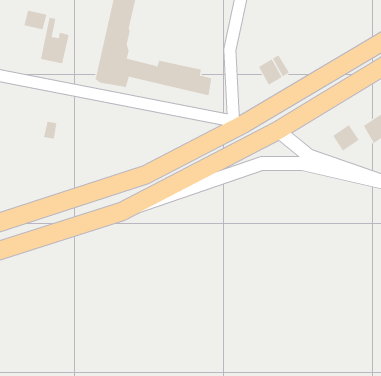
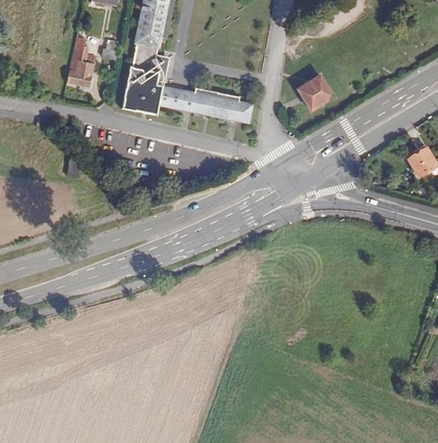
building: [24,10,47,30] -> none
building: [332,124,359,152] -> none

